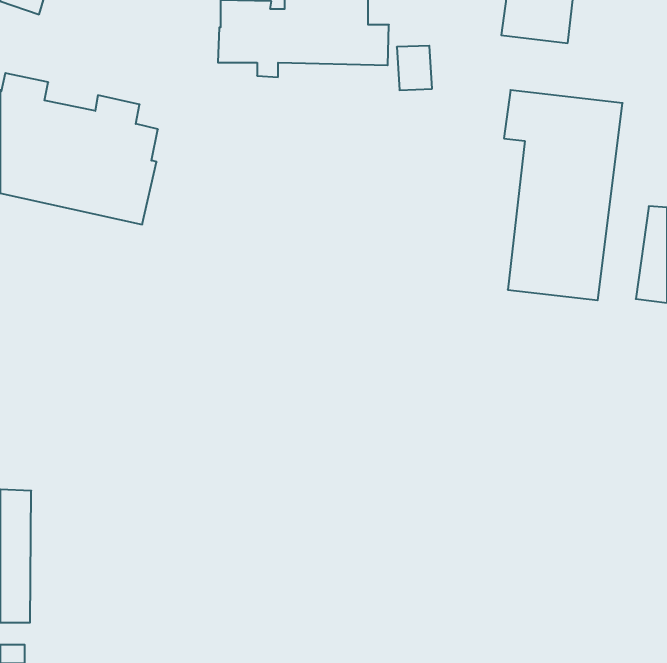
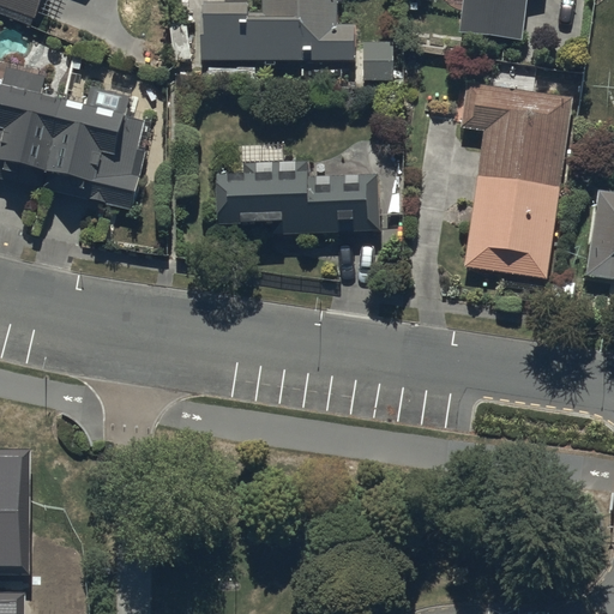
building: none -> [217,143,381,233]

